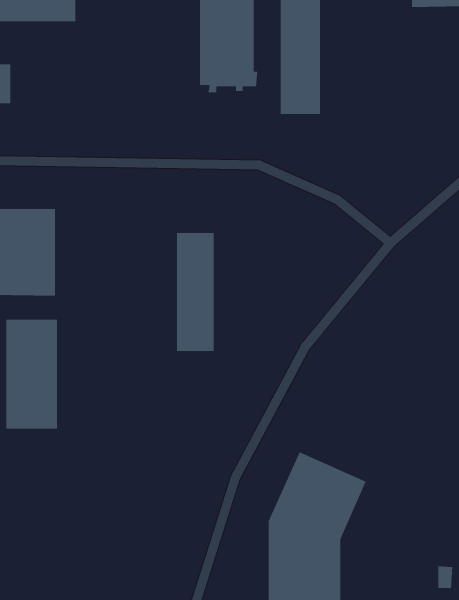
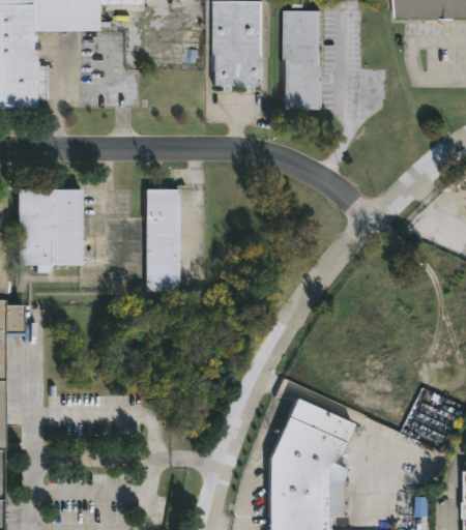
building: [176,232,215,352] -> [145,188,178,291]
building: [6,319,57,429] -> none

